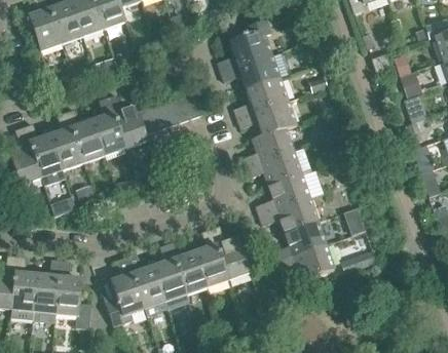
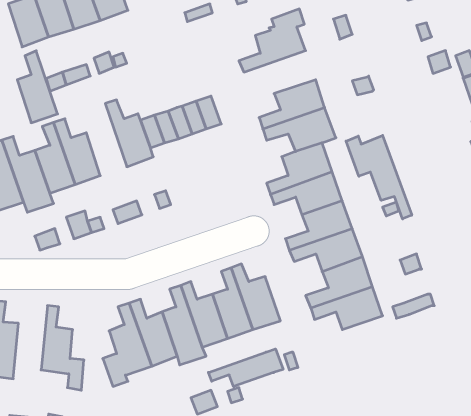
building: [221,53,279,88] -> none
building: [92,96,125,155] -> [17,51,58,123]
building: none -> [346,135,412,219]
building: [33,260,61,322] -> none
building: none -> [208,349,283,387]

